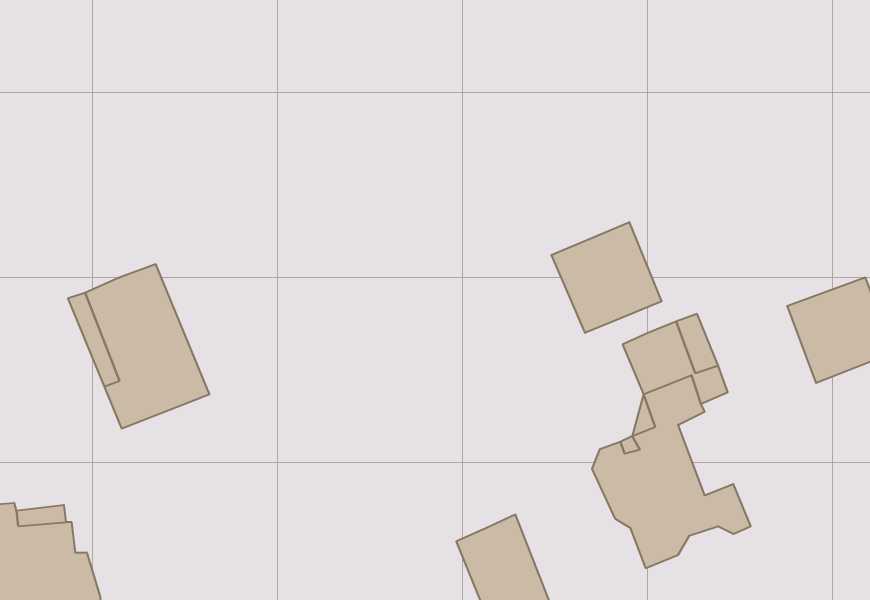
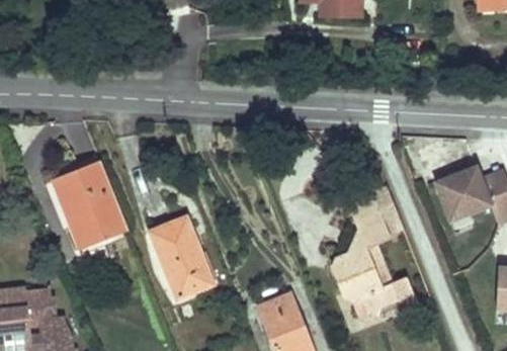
building: [551,222,662,333] -> none
building: none -> [150,216,213,296]

